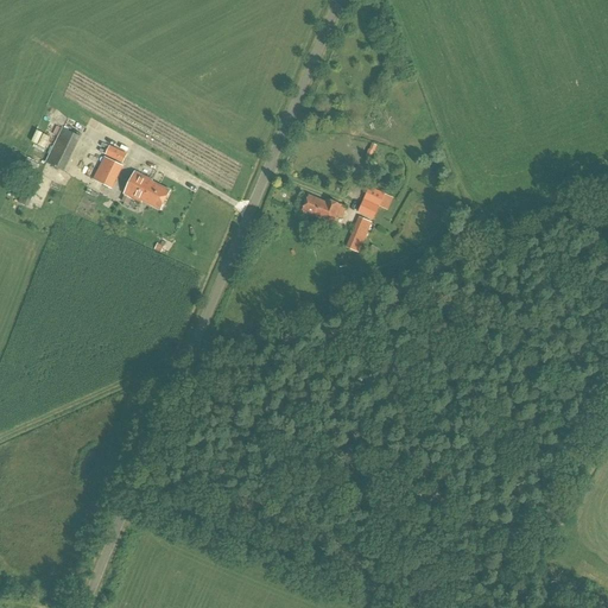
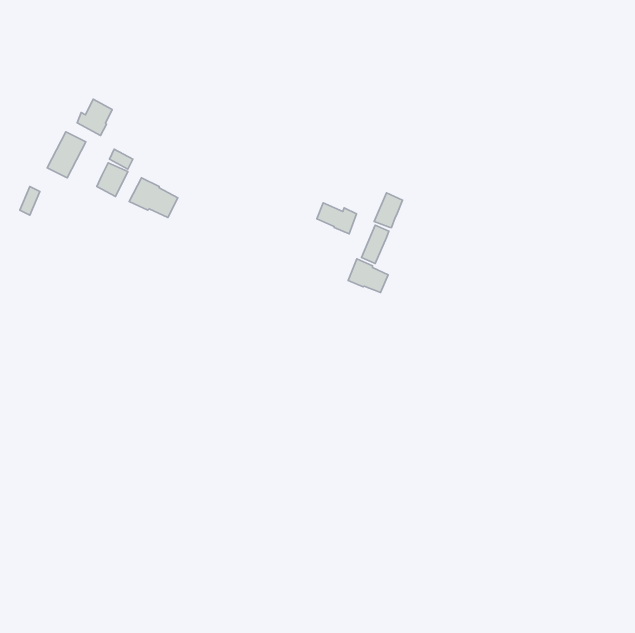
building: none -> [77,99,112,136]
building: none -> [348,259,388,293]

